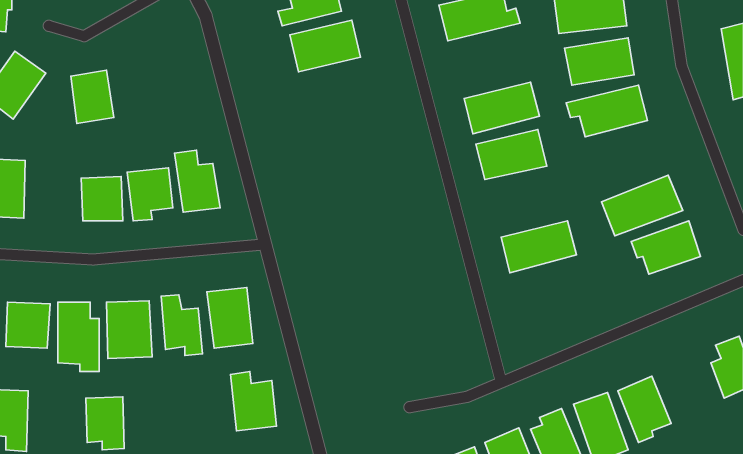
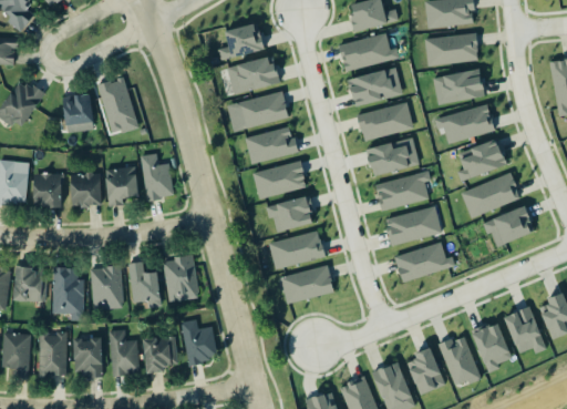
building: none -> [348,68,402,105]
building: none -> [96,76,136,132]
building: none -> [226,91,288,131]
building: none -> [245,126,297,163]
building: none -> [456,139,506,182]
building: none -> [251,161,307,198]
building: none -> [374,170,430,211]
building: none -> [32,173,62,207]
building: none -> [265,195,315,233]
building: none -> [268,231,324,268]
building: none -> [394,242,454,283]
building: none -> [280,266,333,303]
building: none -> [504,306,546,354]
building: none -> [110,329,138,375]
building: none -> [38,331,66,375]
building: none -> [144,337,176,372]

